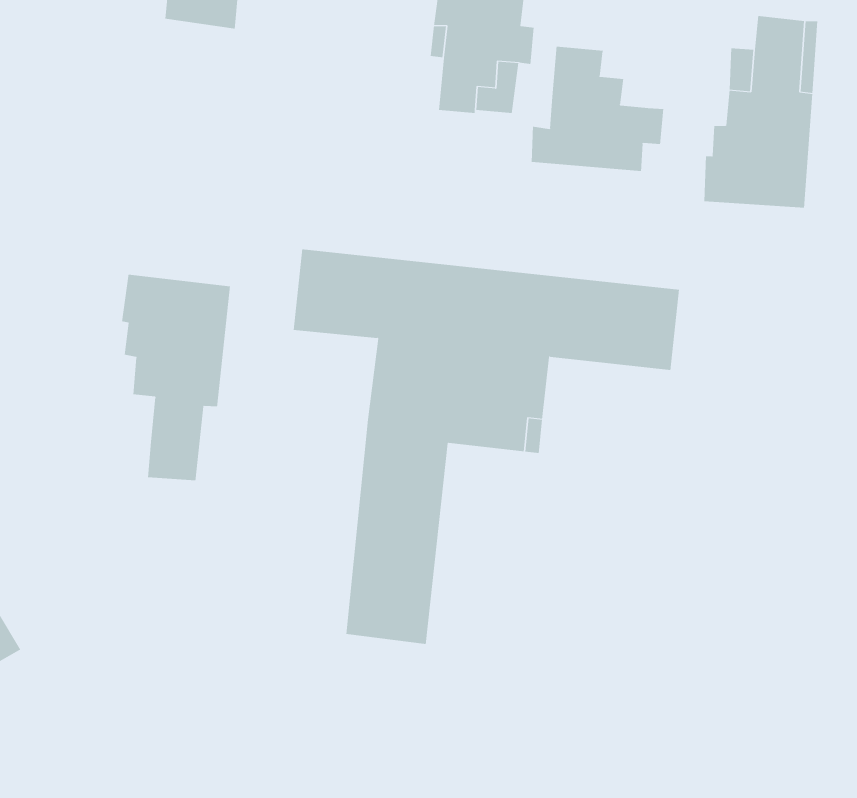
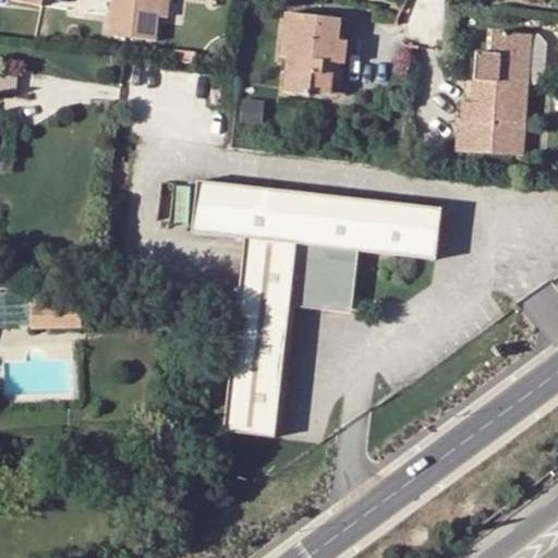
building: [531,46,664,172] -> none
building: [121,274,231,481] -> none

